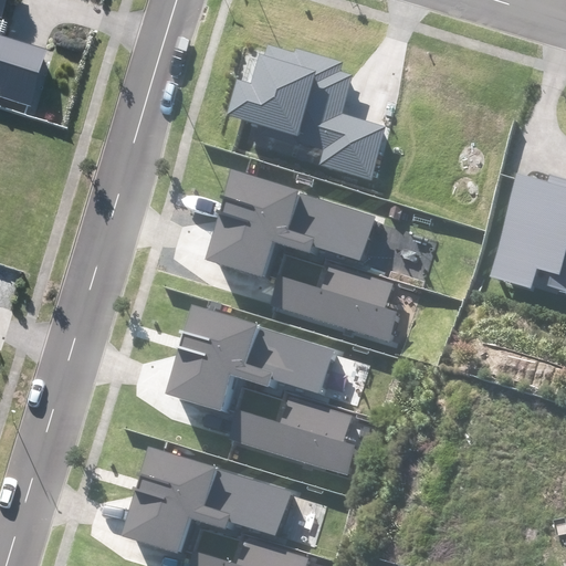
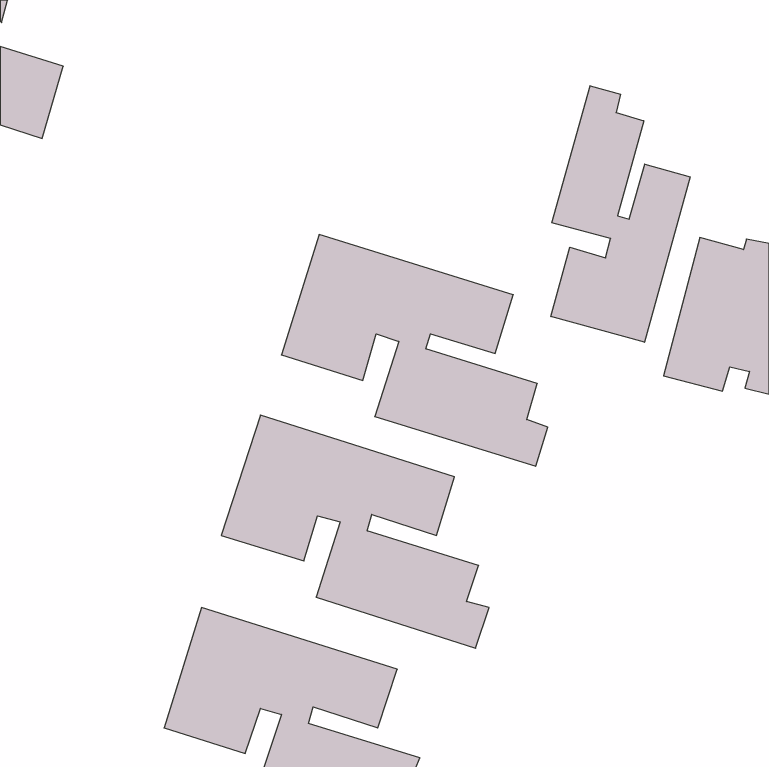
building: [226,45,385,181] -> none
building: none -> [551,86,690,342]

